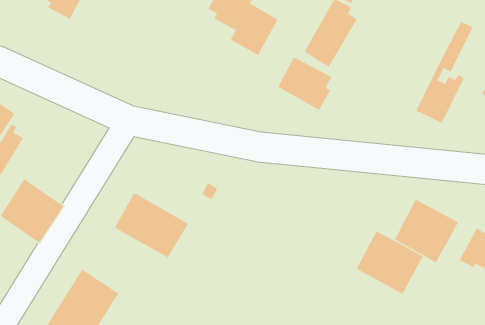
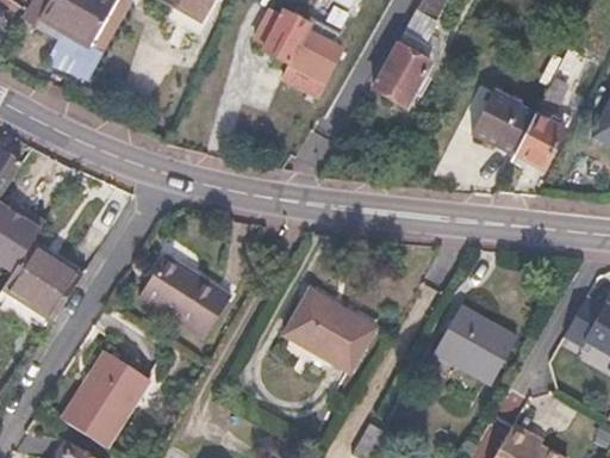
building: none -> [472,81,536,151]
building: [278,57,332,111] -> none
building: [394,199,459,263] -> none
building: none -> [285,296,379,378]

